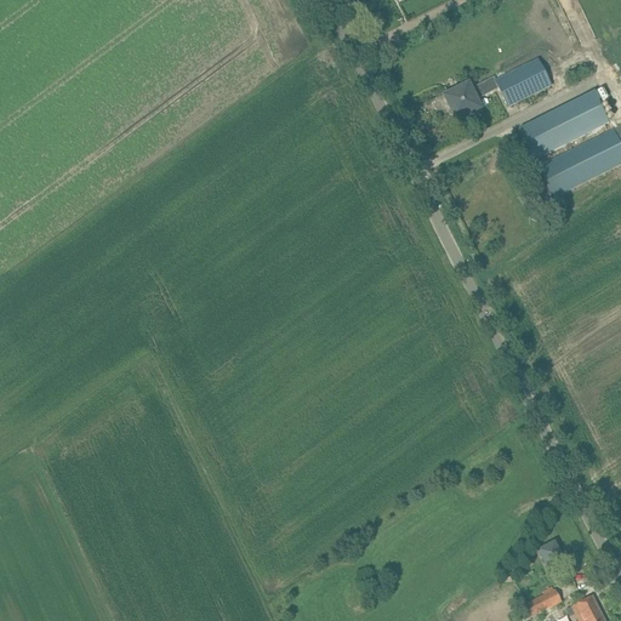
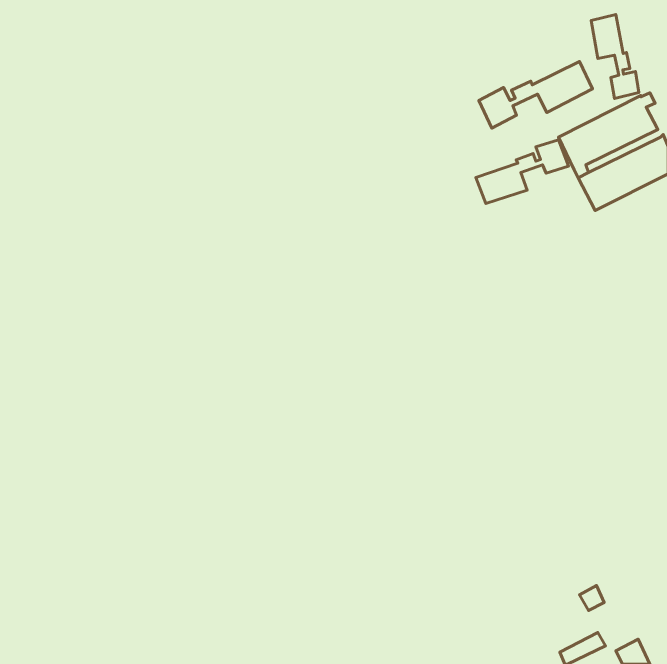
building: none -> [591,15,639,98]
building: none -> [476,140,569,204]

